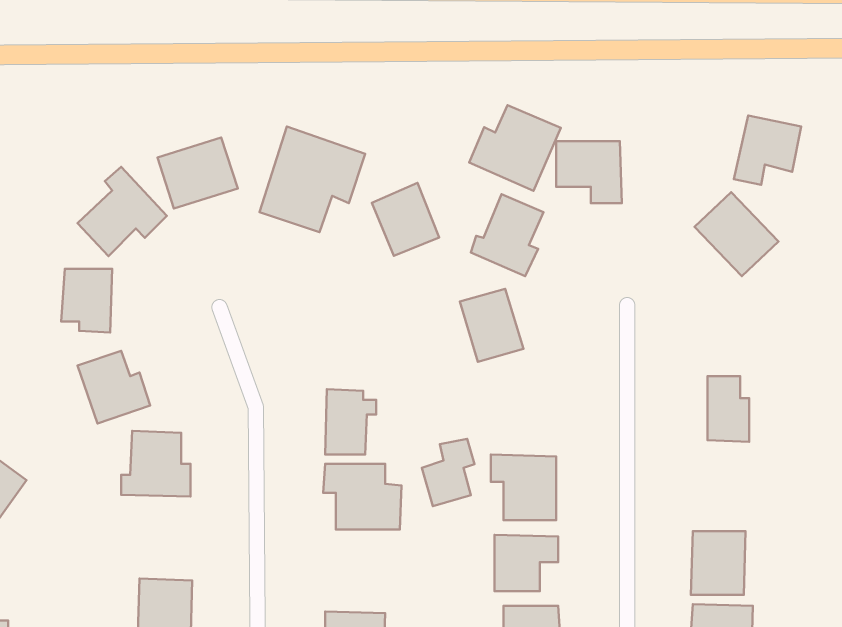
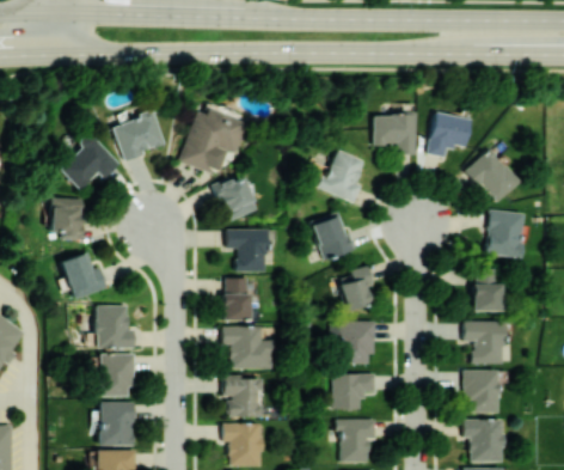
building: [469,105,561,191] -> none
building: [734,115,801,185] -> [427,112,471,158]
building: [372,183,439,256] -> [213,175,257,222]
building: none -> [486,210,525,258]
building: none -> [226,230,266,273]
building: [422,439,475,506] -> [339,267,374,311]
building: none -> [462,322,503,364]
building: none -> [99,355,133,397]
building: none -> [222,377,262,417]

